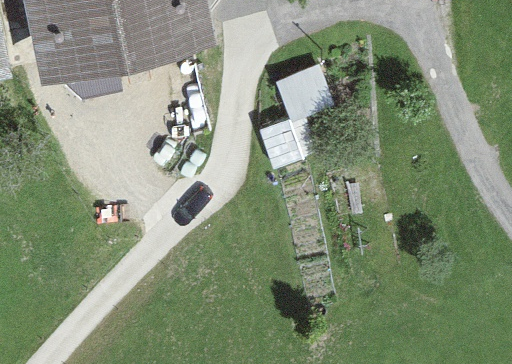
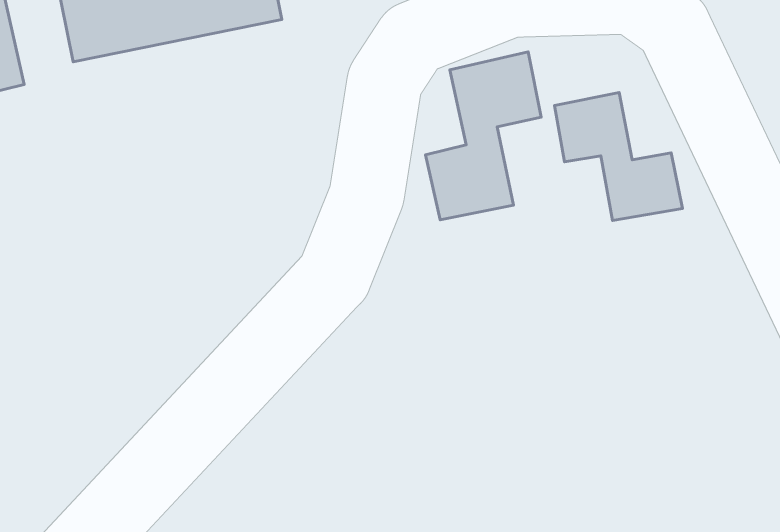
building: none -> [554,92,682,221]

